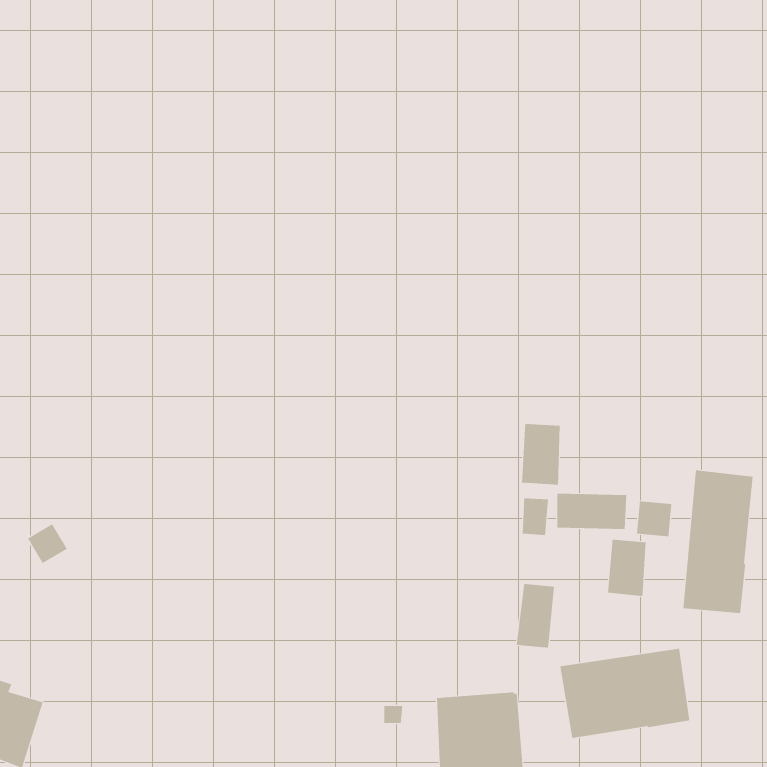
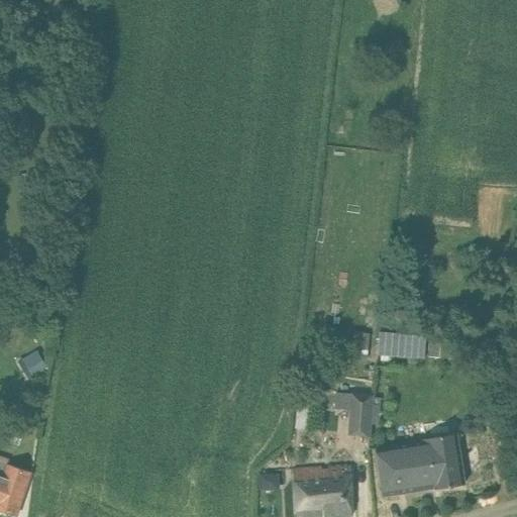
building: [521,423,560,486] -> none
building: [683,470,753,614] -> none
building: [607,539,646,597] -> none

